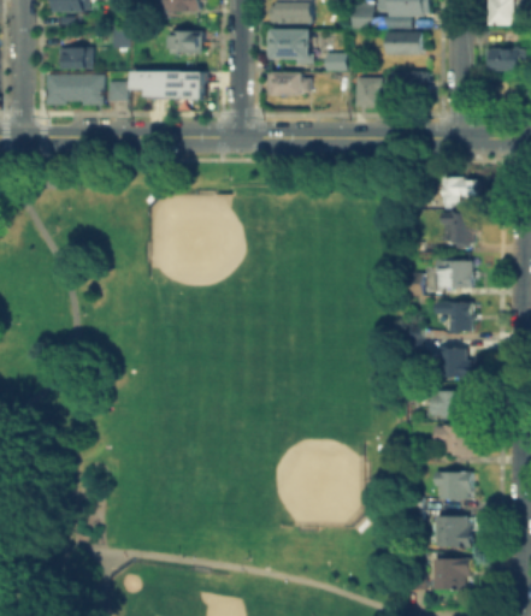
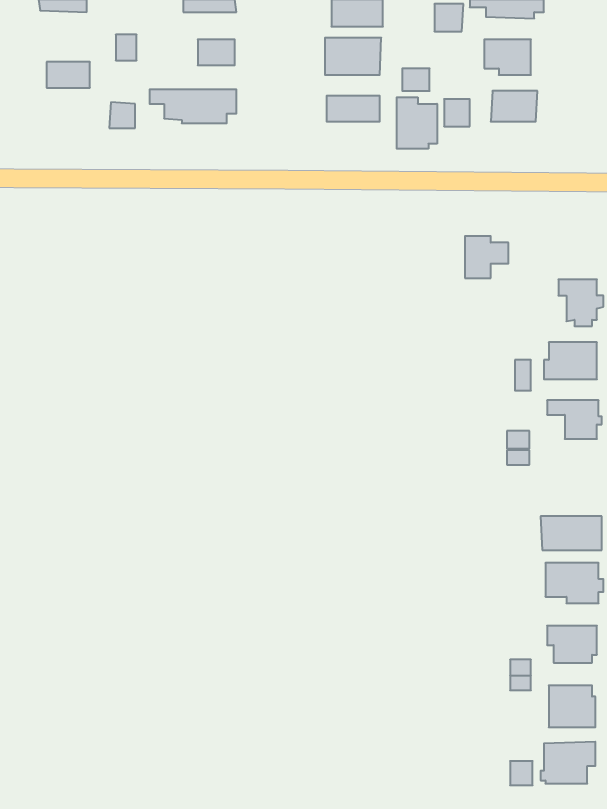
building: [46,75,102,105] -> none
building: none -> [397,97,437,149]
building: [442,179,474,211] -> [465,236,508,278]
building: [439,345,471,375] -> none

